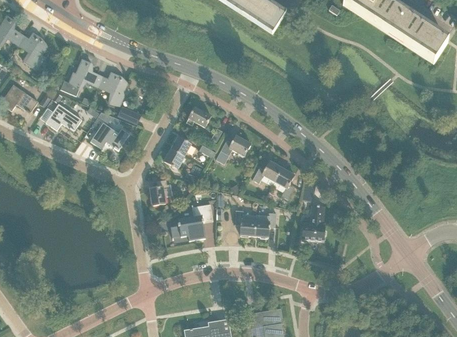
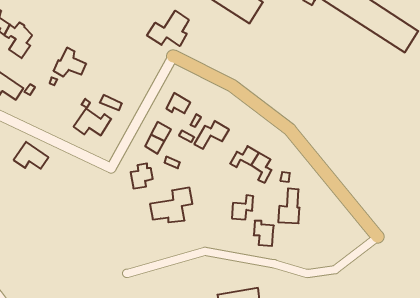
building: none -> [147,11,189,46]
building: [98,71,127,105] -> none
building: [45,102,81,130] -> [14,142,48,169]
building: [235,209,256,235] -> [254,221,274,246]

